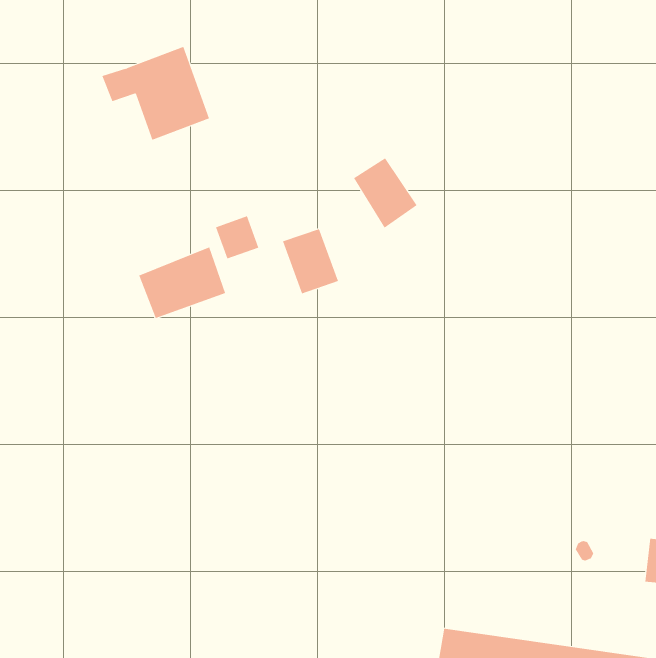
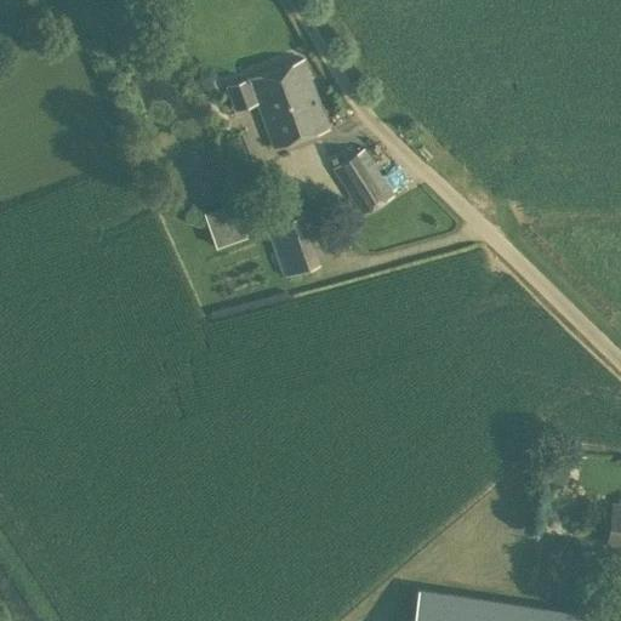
building: [102,46,210,140] -> [228,59,330,148]
building: [139,246,226,319] -> none

